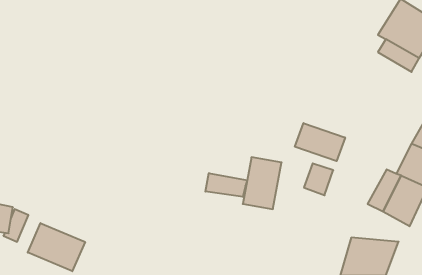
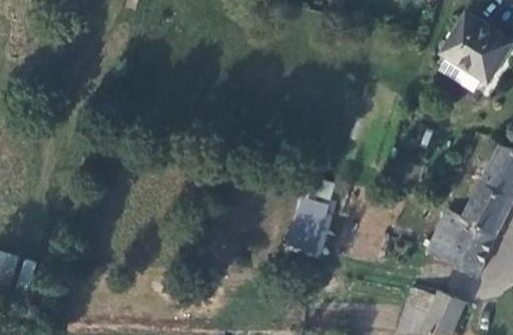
building: [295,123,345,161] -> none
building: [205,173,247,197] -> none
building: [28,223,85,271] -> none

